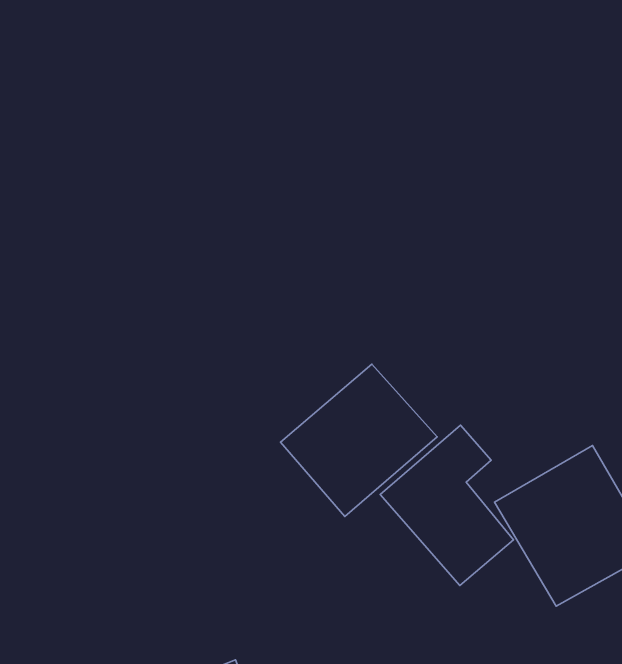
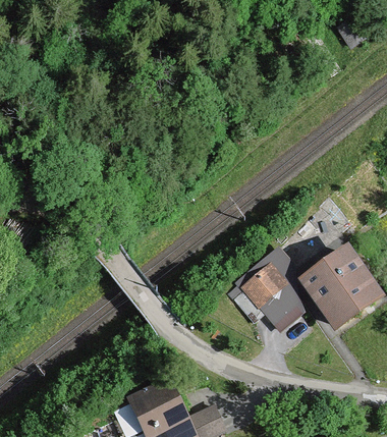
building: [280,364,437,516] -> none

